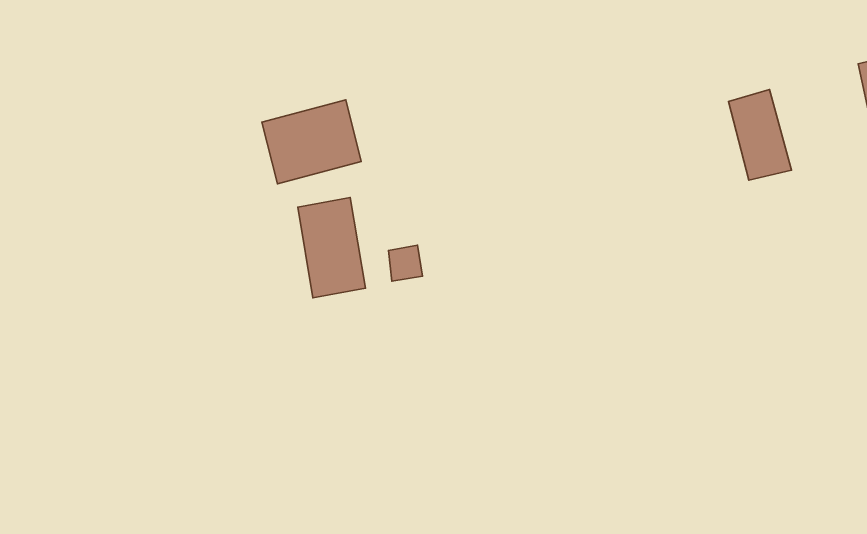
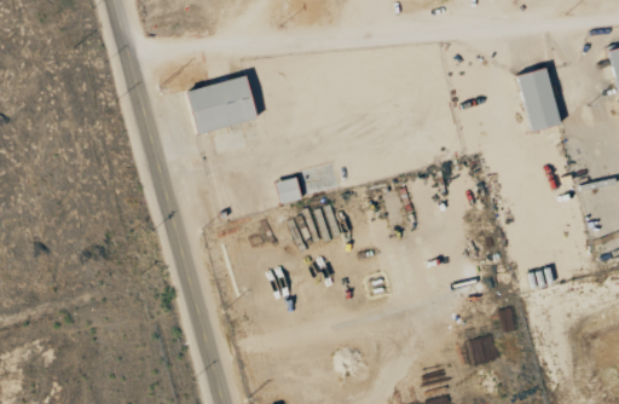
building: [298,198,365,298] -> none

